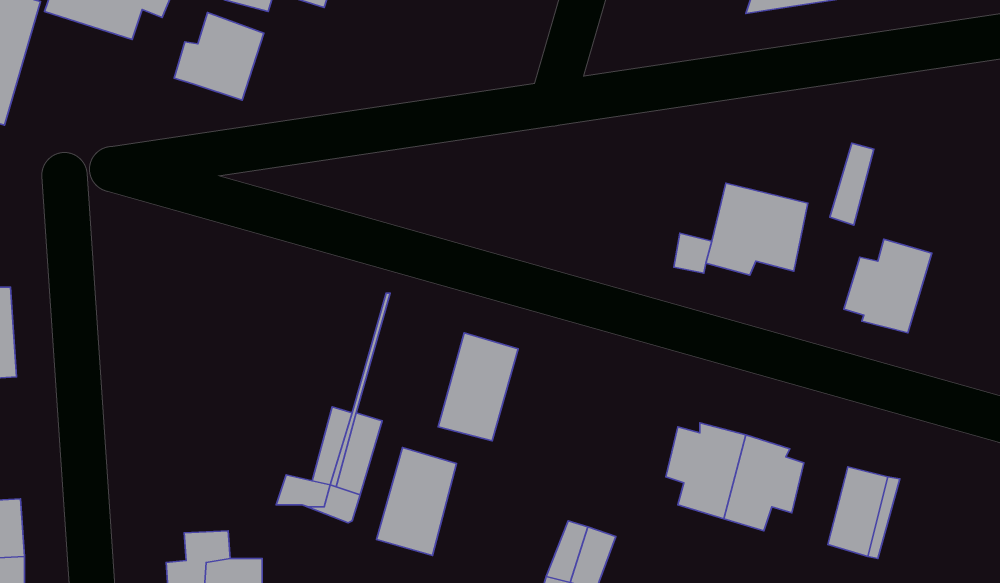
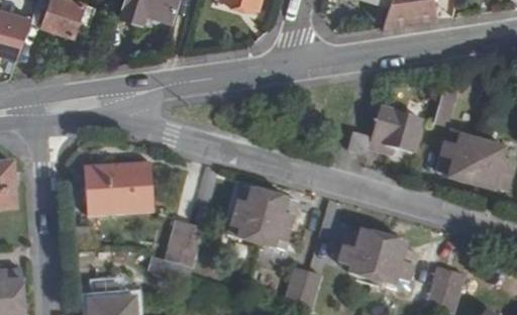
building: [174,12,264,100] -> none
building: none -> [466,144,508,192]
building: none -> [84,163,150,215]
building: [376,448,456,555] -> [255,193,296,247]

